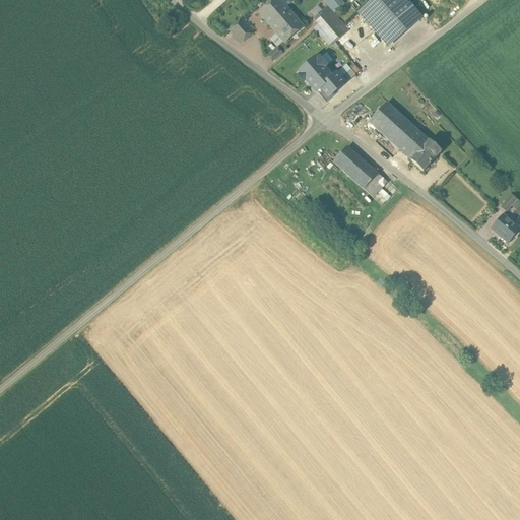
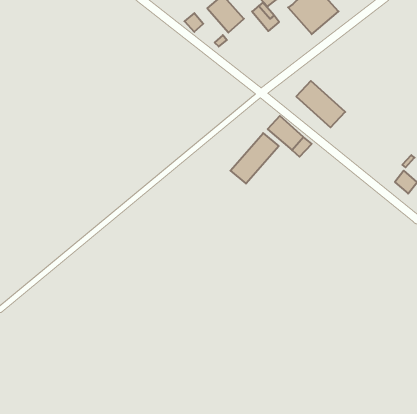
building: [299,55,344,93] -> none
building: [411,139,440,169] -> none
building: none -> [230,133,279,184]

